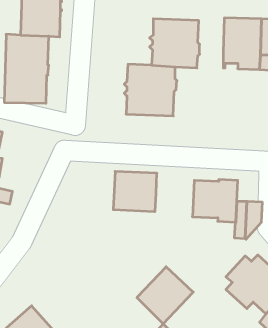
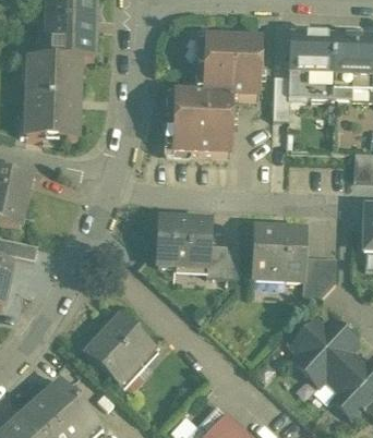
building: none -> [273,75,291,119]
building: none -> [205,244,240,276]
building: [137,267,193,324] -> [84,313,152,381]

